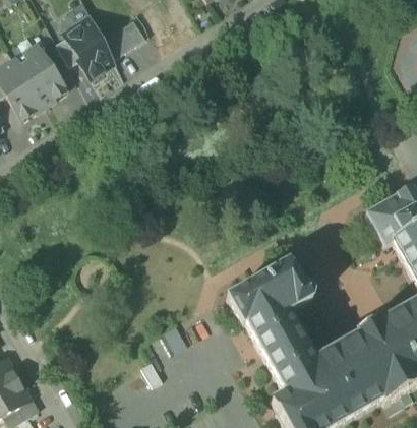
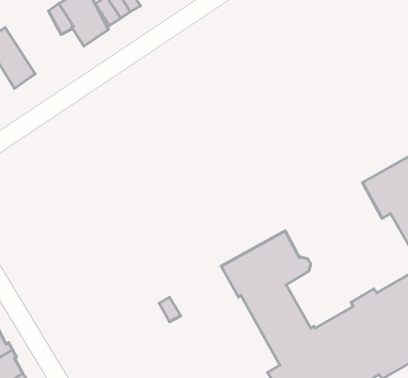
building: [13,44,67,105] -> none

